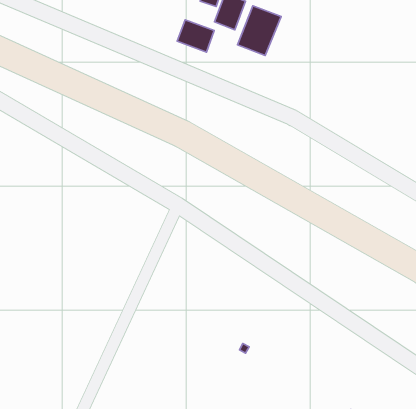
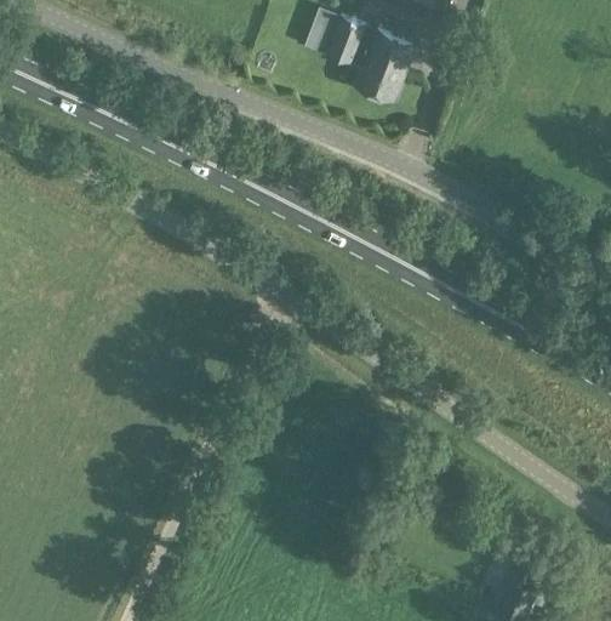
building: [177,20,214,52] -> none

